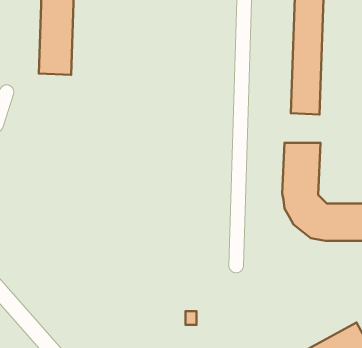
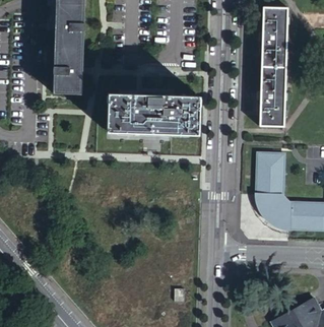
building: none -> [108,93,198,133]

